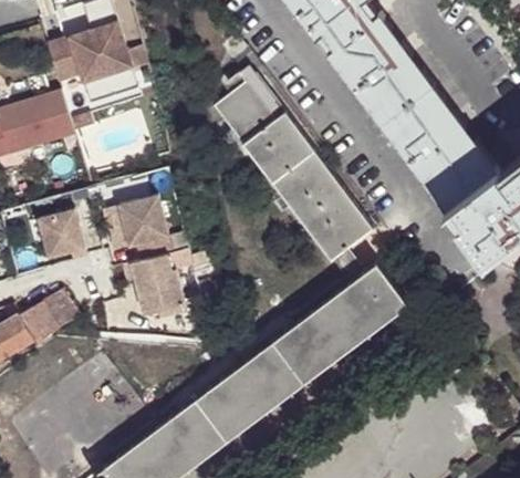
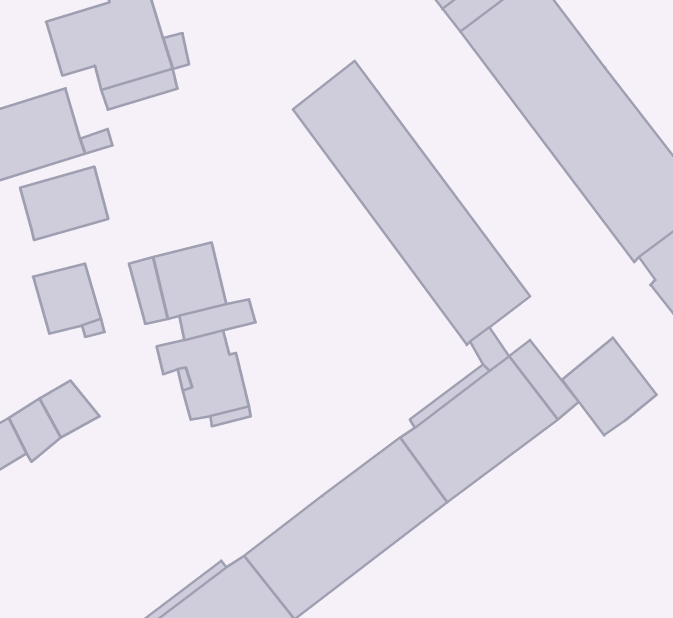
building: none -> [20,167,108,240]
building: none -> [562,338,657,435]

